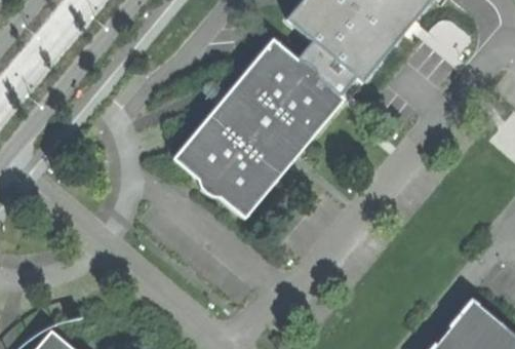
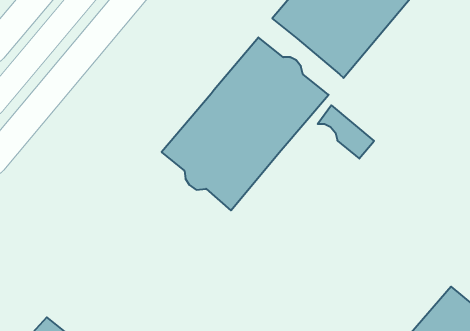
building: [299,41,357,96] -> [318,105,374,159]

